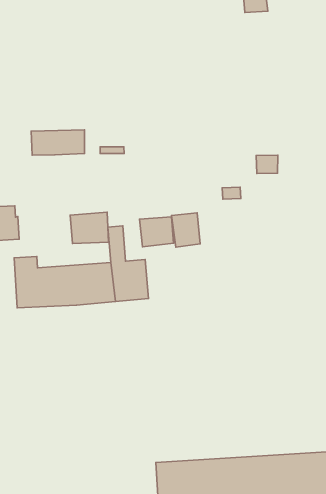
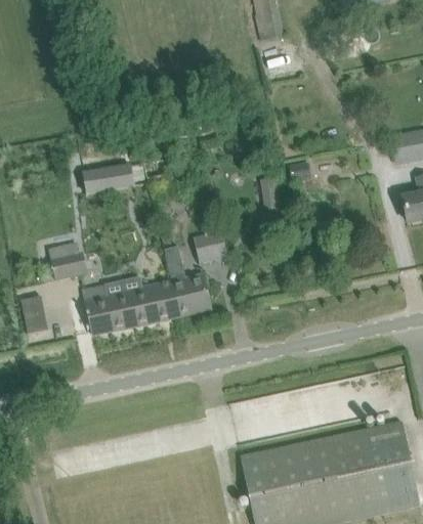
building: [70,212,109,244] -> none
building: [171,213,200,247] -> none

